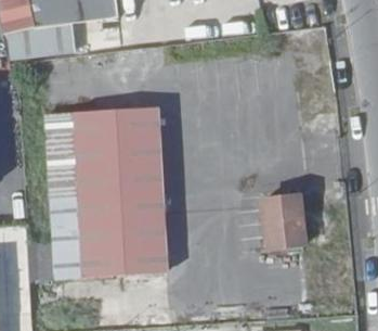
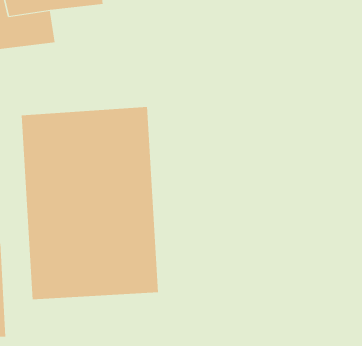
building: [261,198,303,250] -> none

